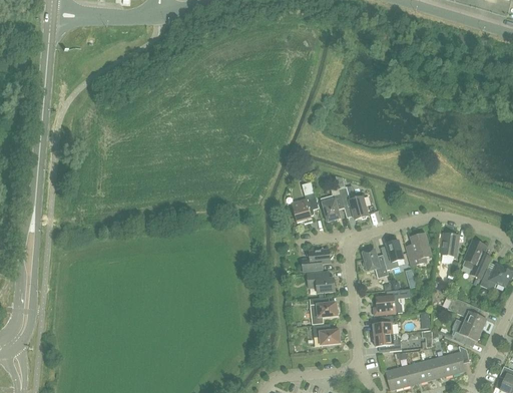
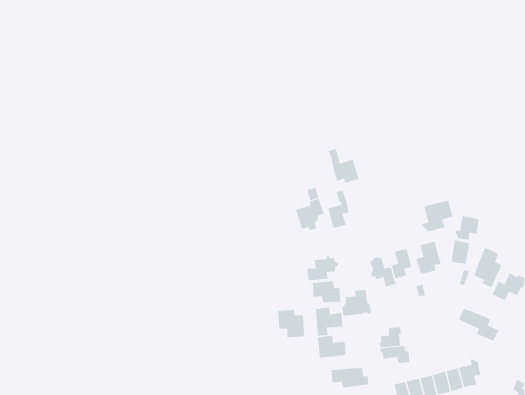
building: [338,185,368,219] -> [328,149,359,183]
building: none -> [420,200,453,232]
building: none -> [455,215,479,241]
building: [373,289,402,314] -> [342,290,372,316]
building: none -> [277,309,304,338]
building: [451,319,481,343] -> none
building: none -> [331,368,369,388]

